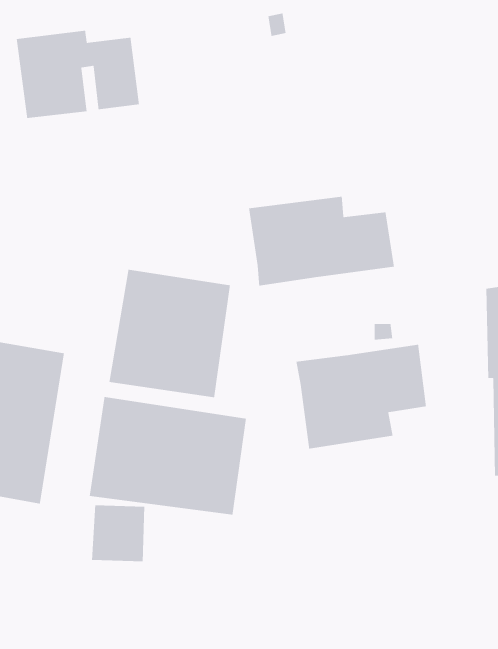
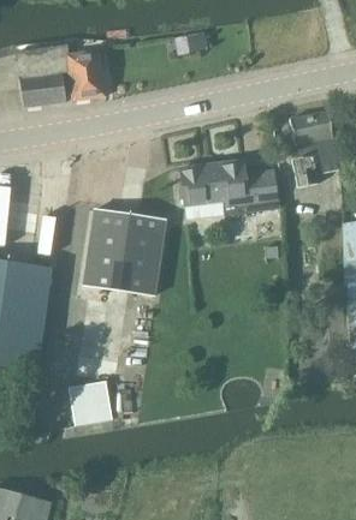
building: none -> [290,109,339,184]
building: [295,344,427,449] -> none
building: [89,396,247,516] -> none

